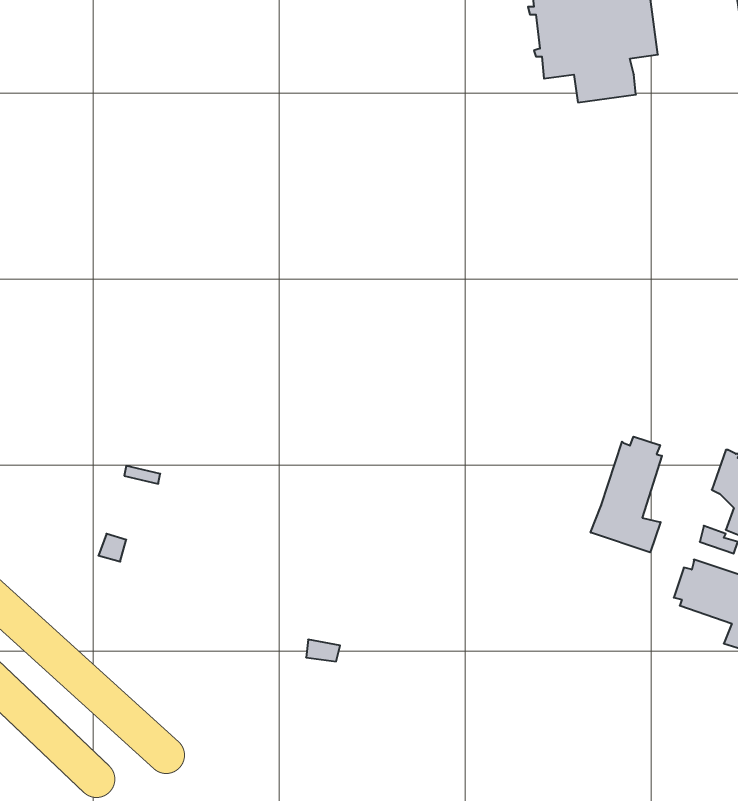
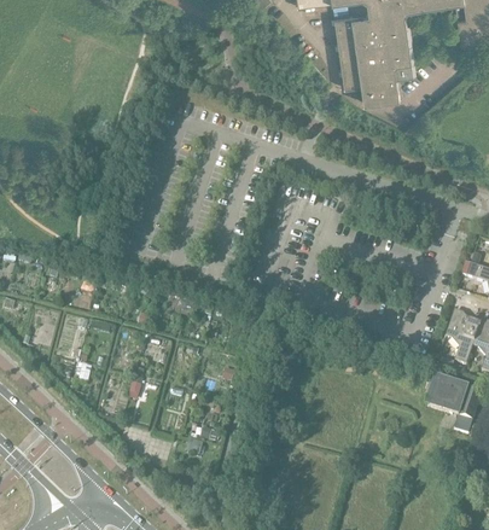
building: [591,437,662,552] -> none

